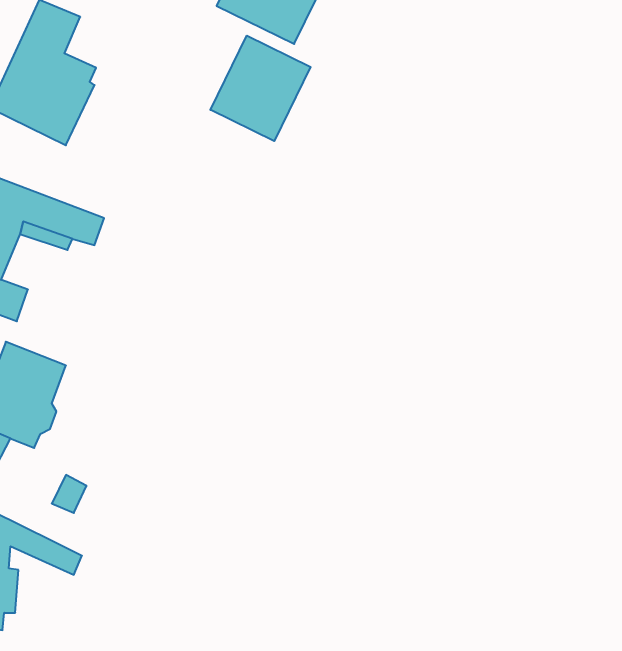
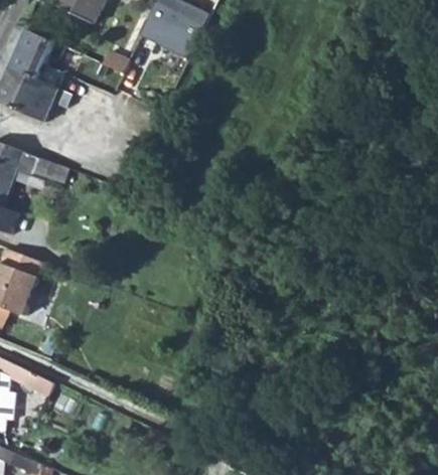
building: [210,36,311,141] -> none

